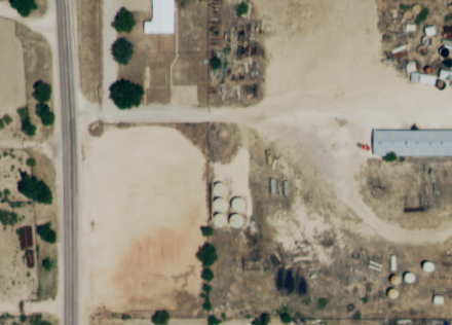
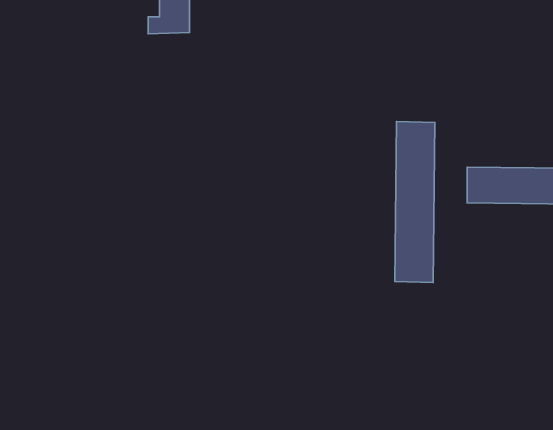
building: none -> [395,122,435,283]

